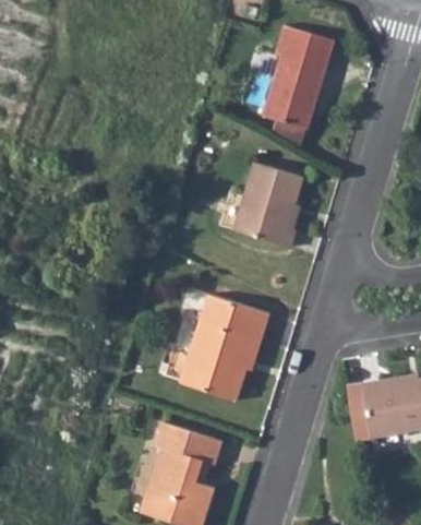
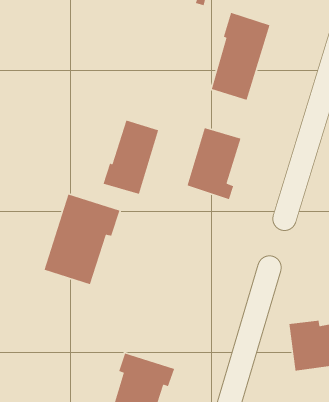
building: none -> [103,120,159,195]
building: [179,291,268,398] -> [44,193,120,285]

